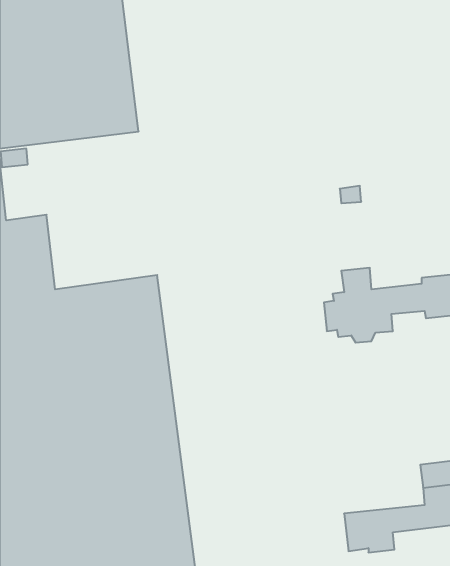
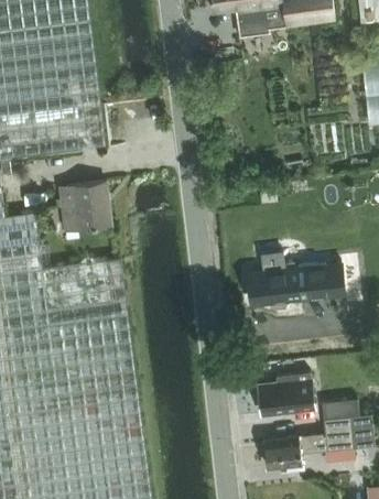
building: none -> [61,183,112,231]
building: none -> [259,372,315,415]

